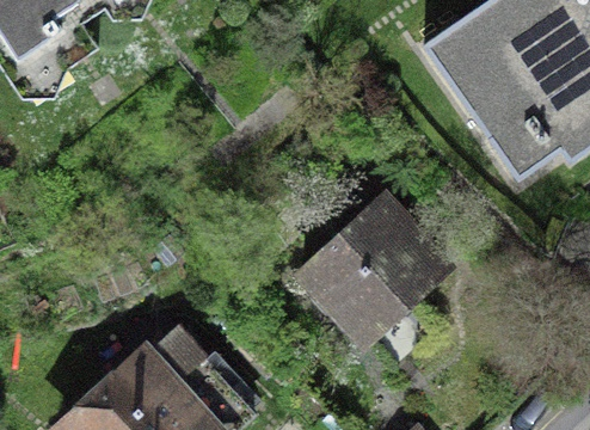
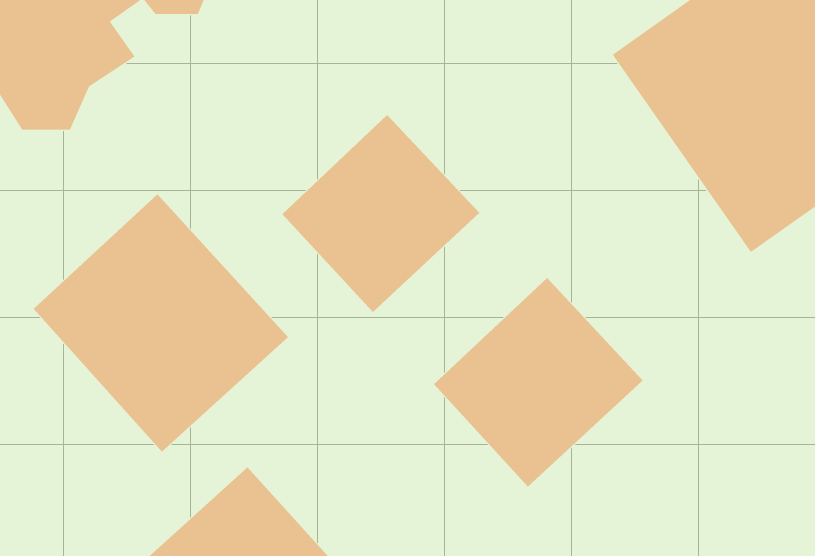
building: none -> [282,114,480,313]
building: none -> [33,194,289,452]

